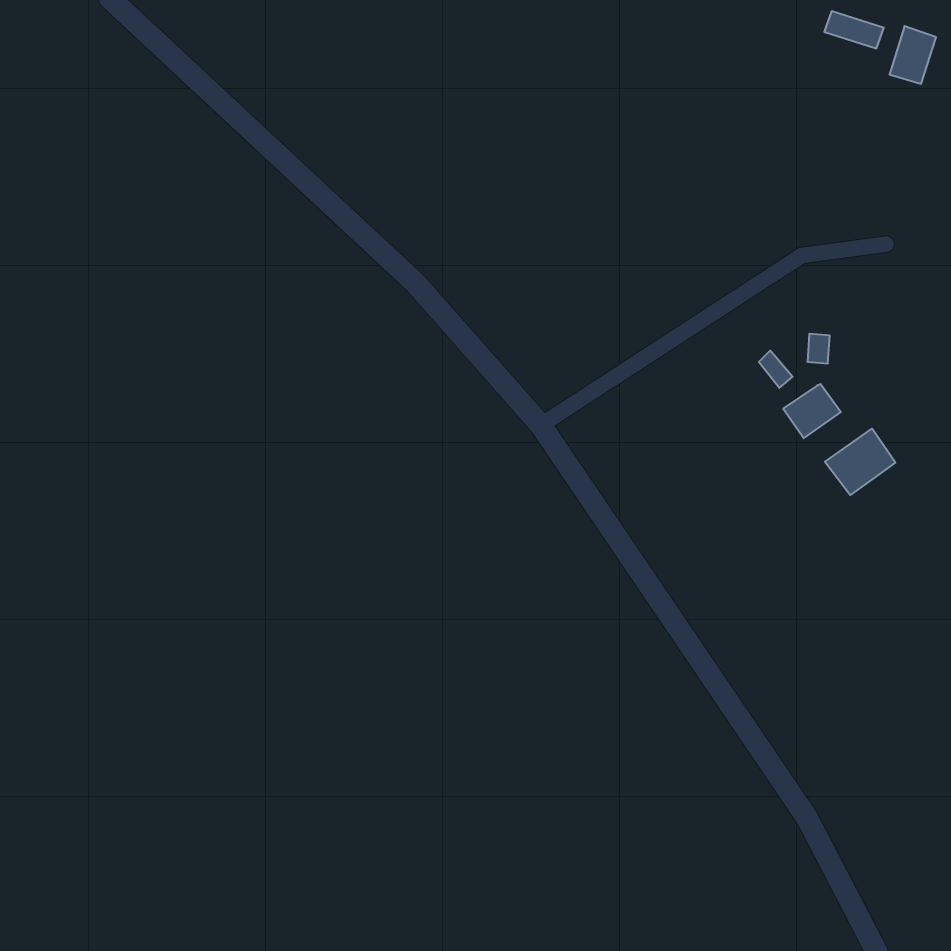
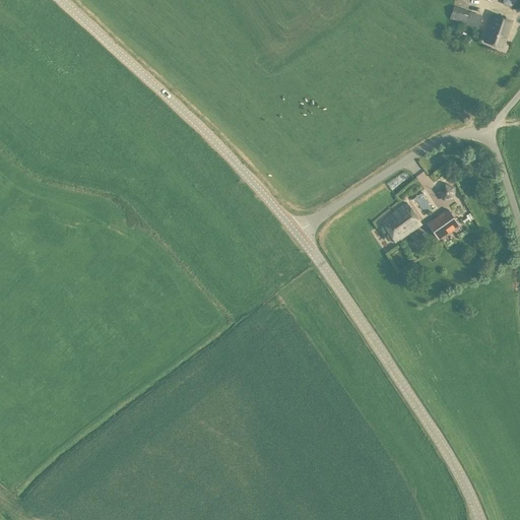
building: none -> [382,202,419,242]
building: [825,429,895,495] -> none

